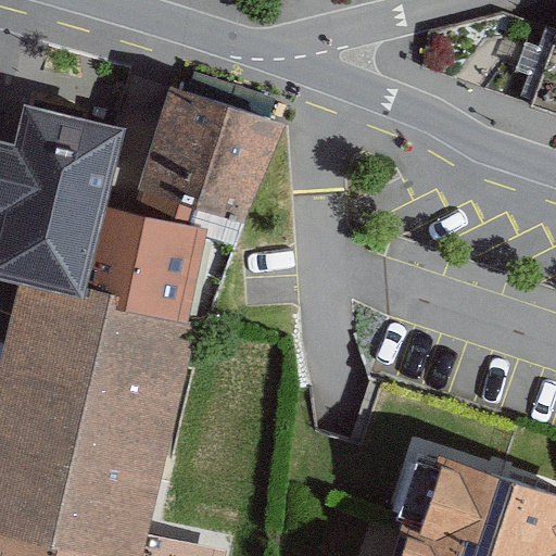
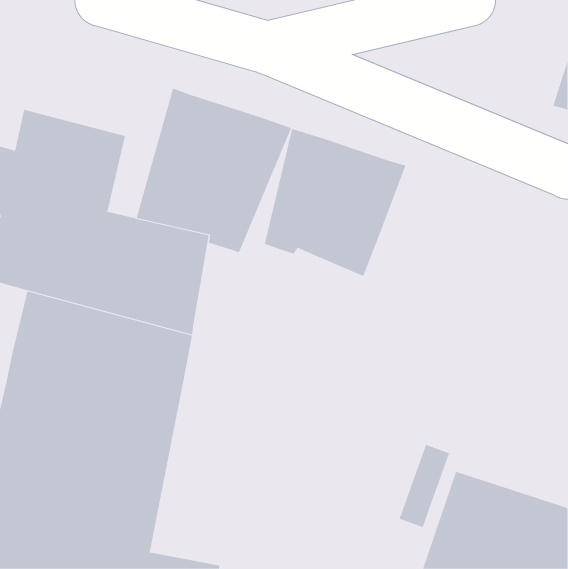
building: none -> [264,128,406,277]

